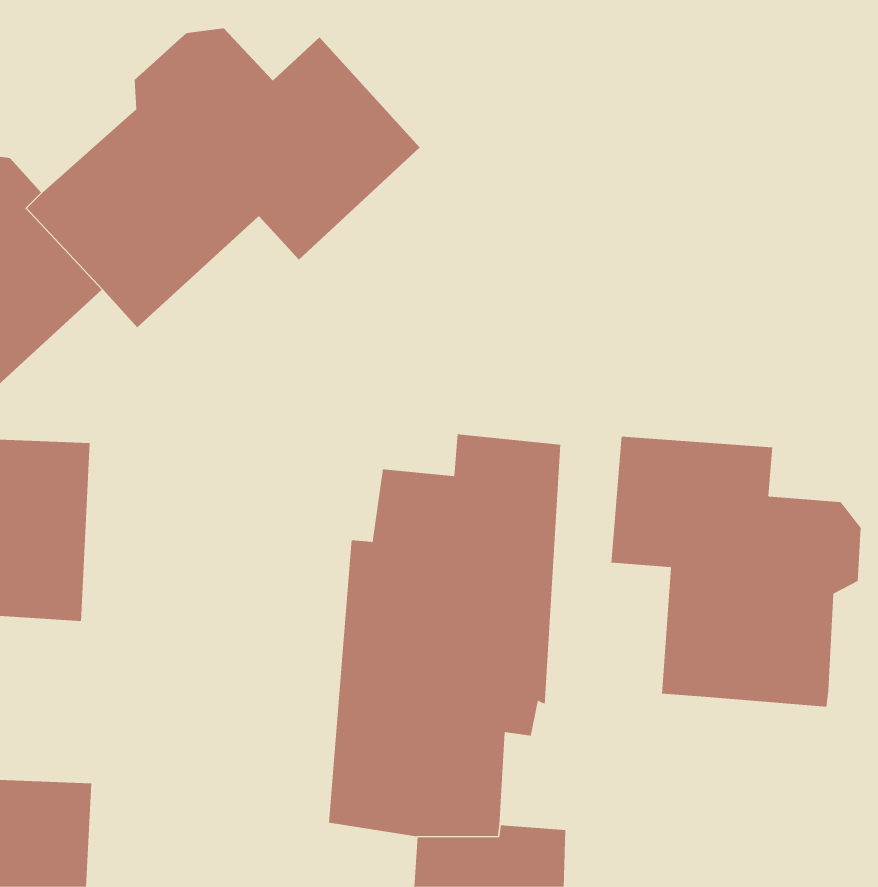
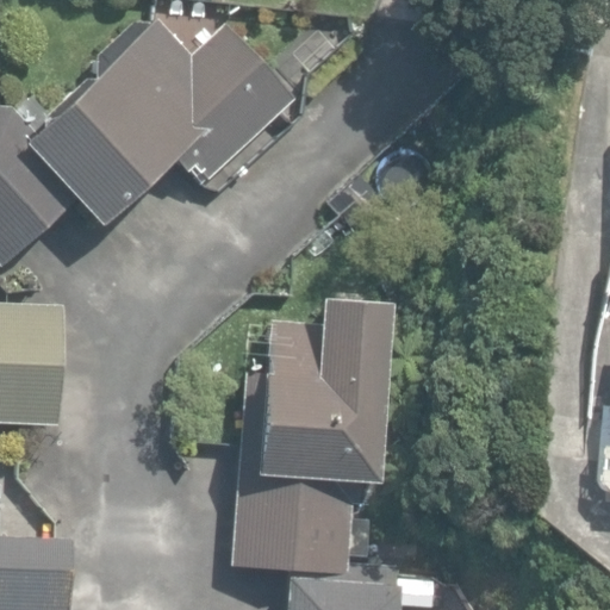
building: [611,436,861,707] -> none

